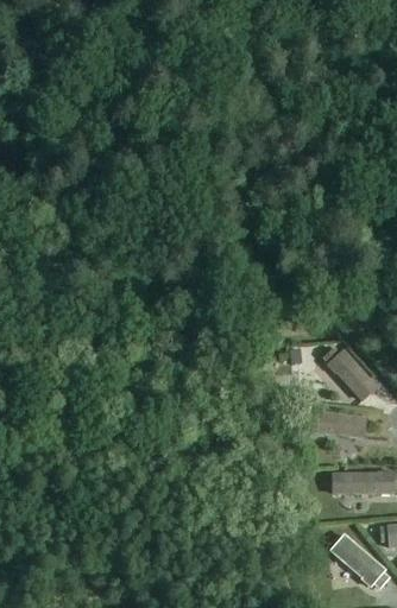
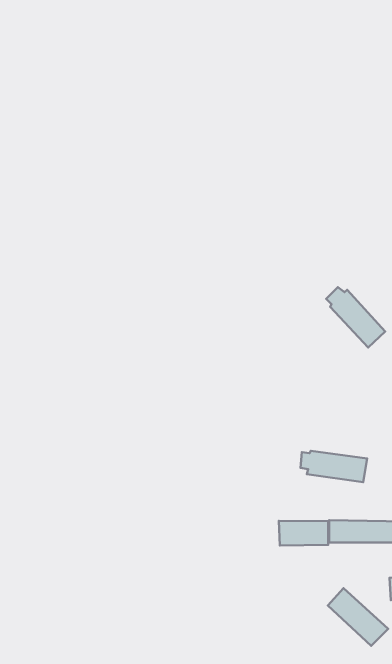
building: [324,347,378,401] -> [326,287,385,347]
building: none -> [279,521,328,545]

